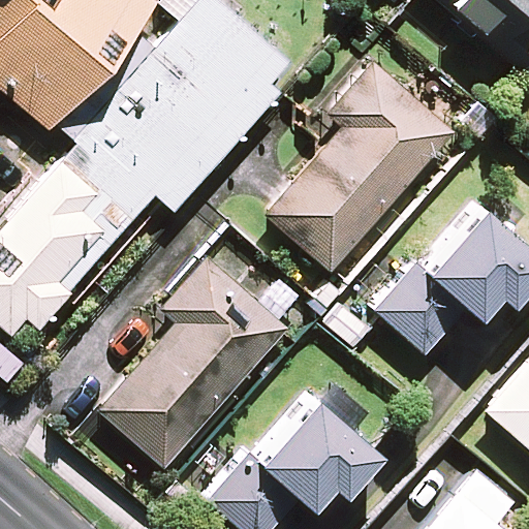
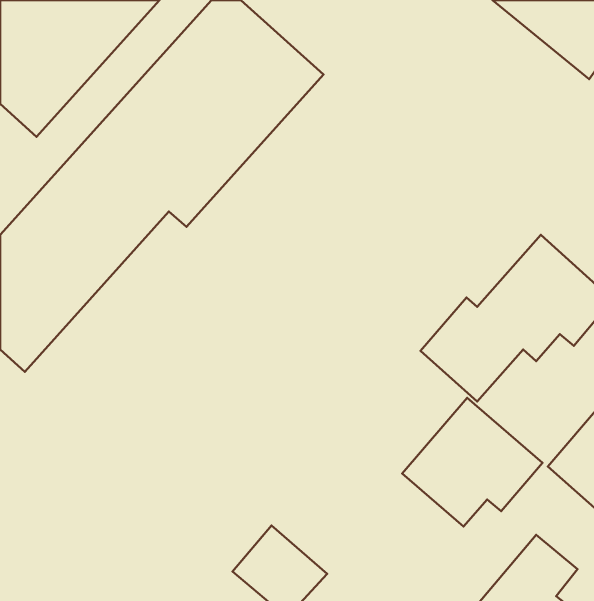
building: [269,63,454,271] -> none
building: [101,257,288,467] -> none
building: [257,396,380,508] -> [402,398,543,527]

